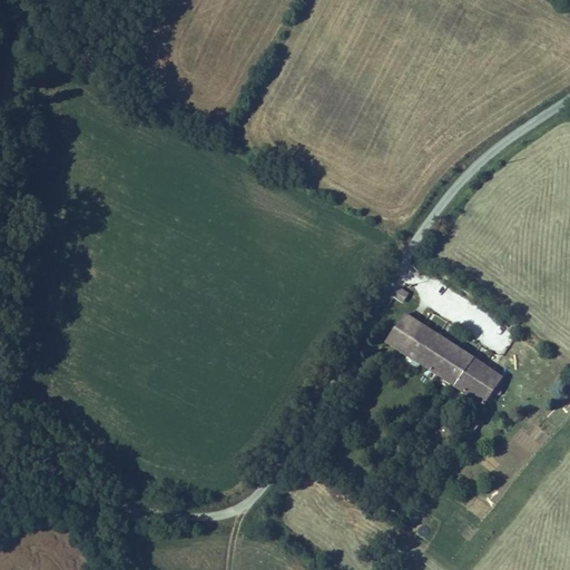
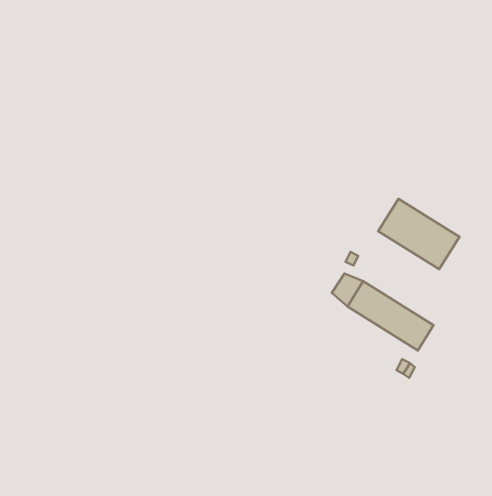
building: none -> [378,199,460,269]

